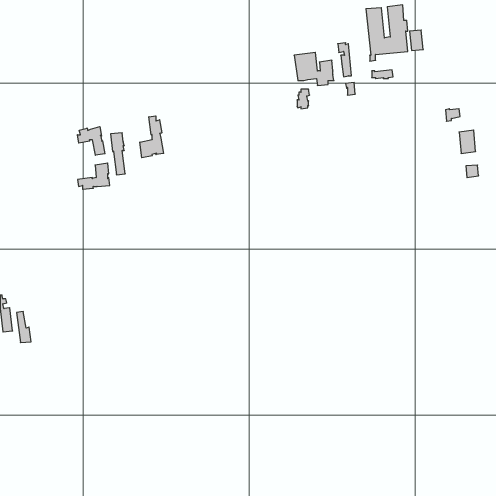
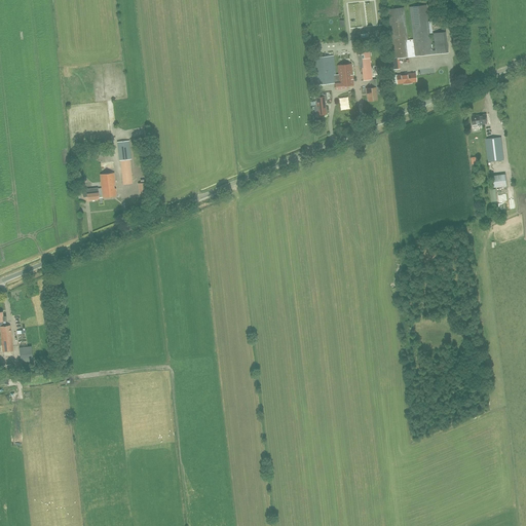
building: [140,116,164,158] -> none
building: [77,127,105,155] -> none

